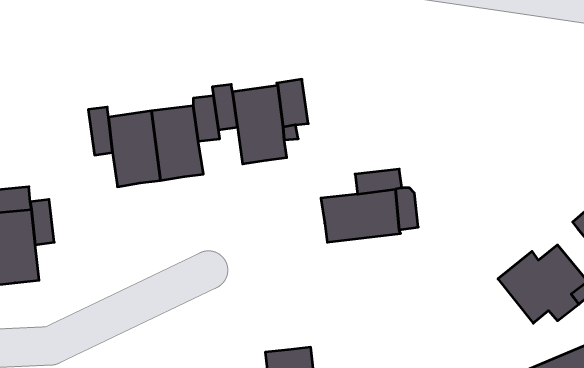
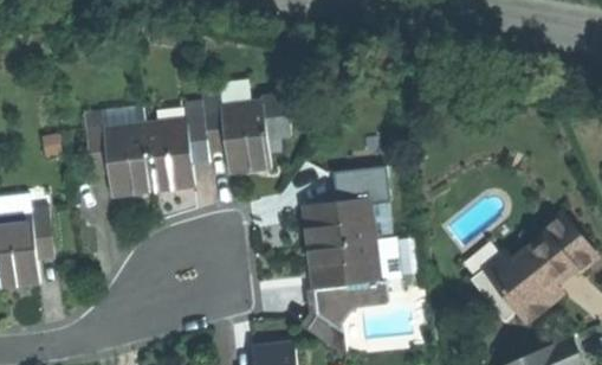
building: none -> [305,238,391,354]

